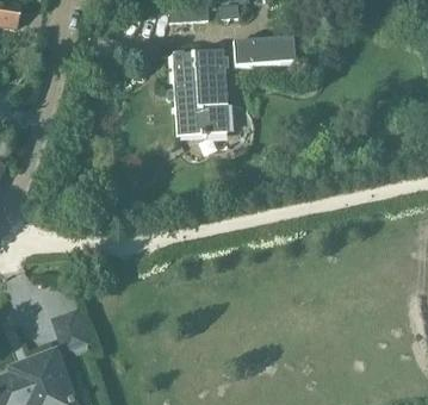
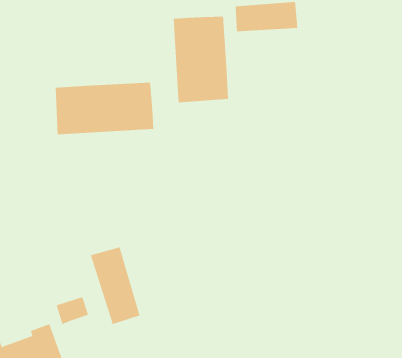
building: none -> [55,82,154,135]
building: none -> [90,247,140,325]

